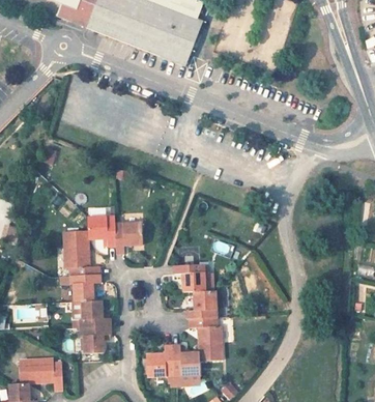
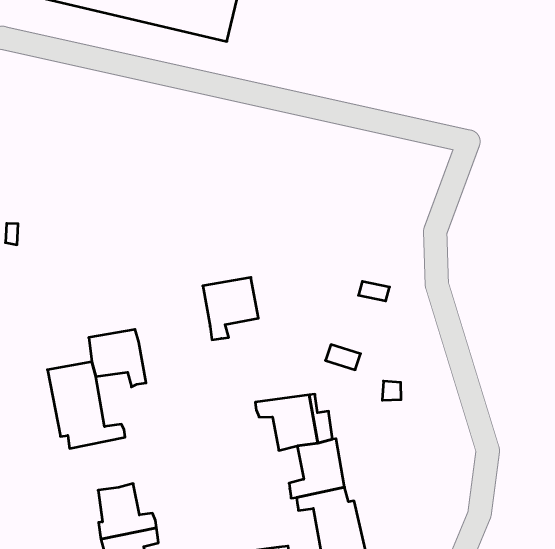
building: [114,222,142,253] -> [203,277,258,340]
building: [68,274,99,302] -> none

